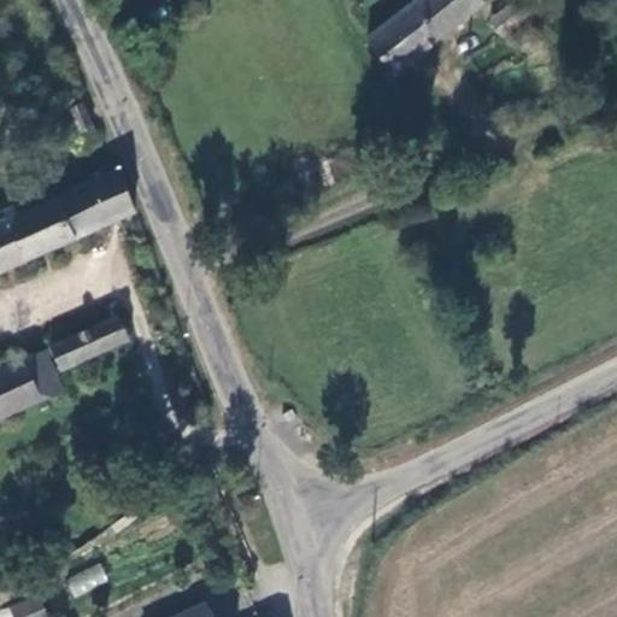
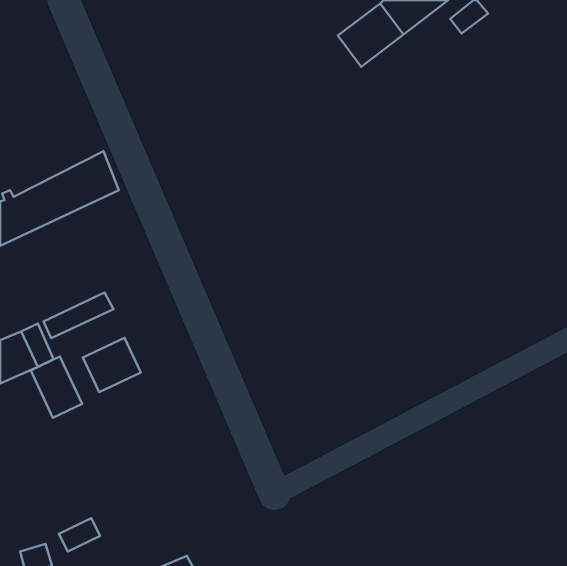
building: none -> [83,338,141,392]
building: none -> [31,356,82,418]

